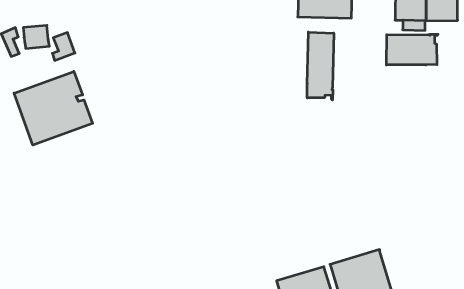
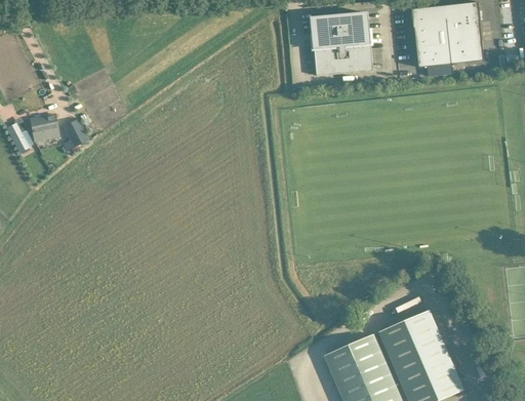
building: [307,32,334,100] -> none
building: [386,34,438,65] -> none
building: [14,71,93,145] -> none

